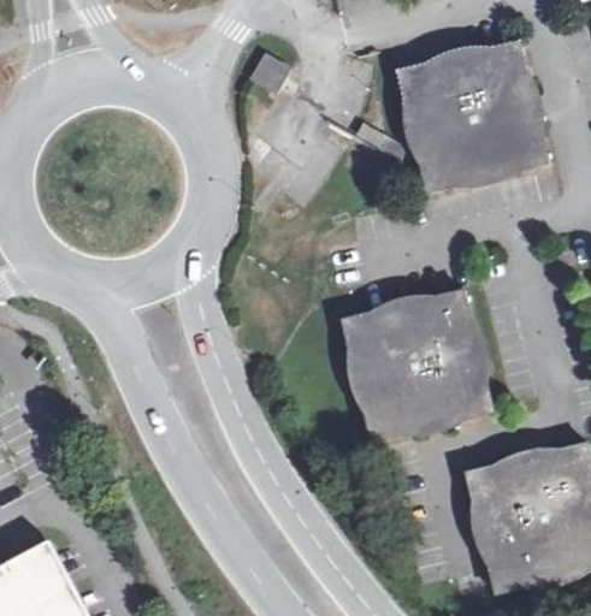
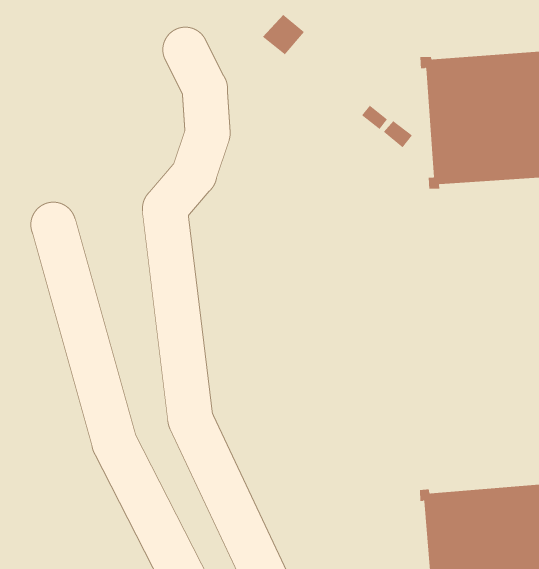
building: [342,290,492,439] -> none

